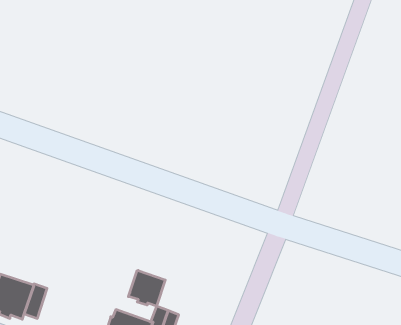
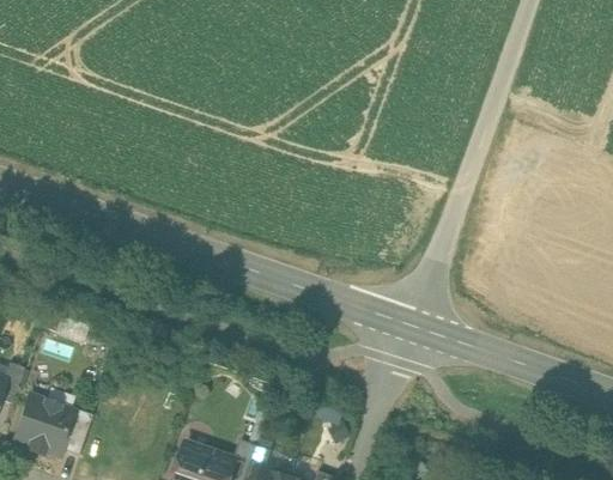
building: [128,270,165,306] -> none

